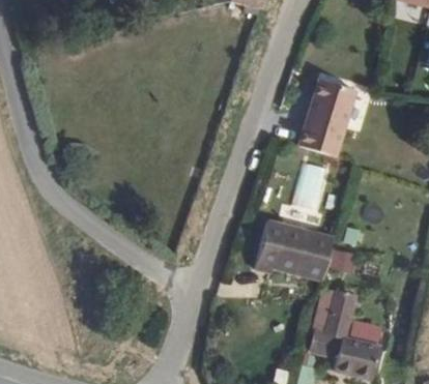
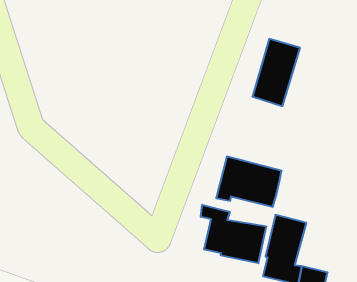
building: [291,165,328,214] -> none
building: none -> [201,205,266,263]

